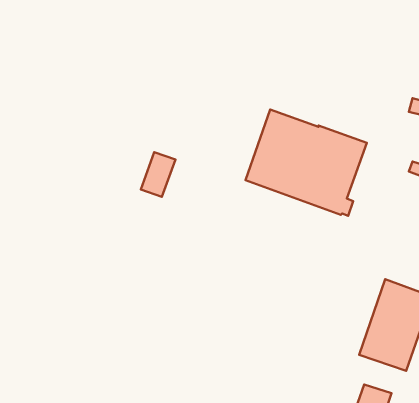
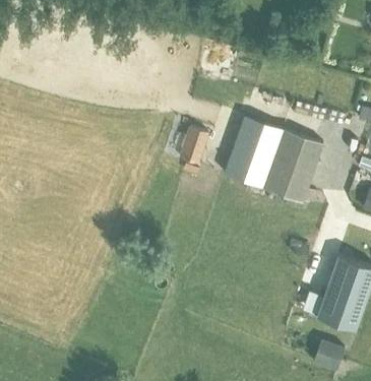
building: [141,152,175,197] -> [179,127,207,164]

